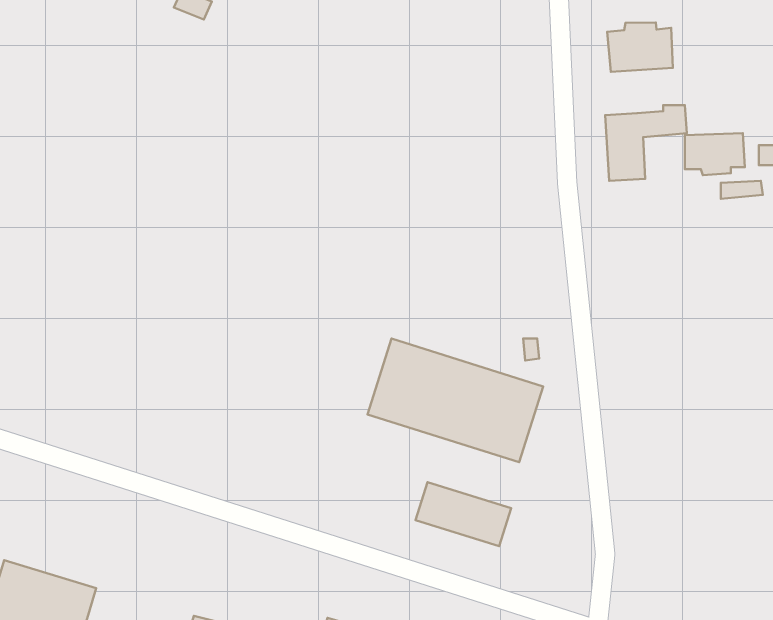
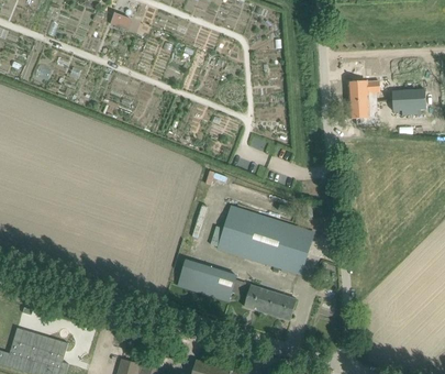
building: [607,22,673,72] -> none
building: none -> [177,258,244,300]

